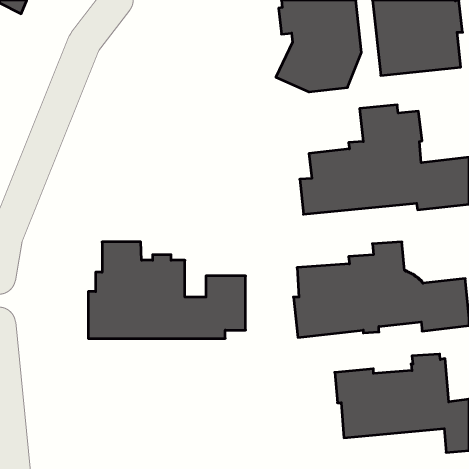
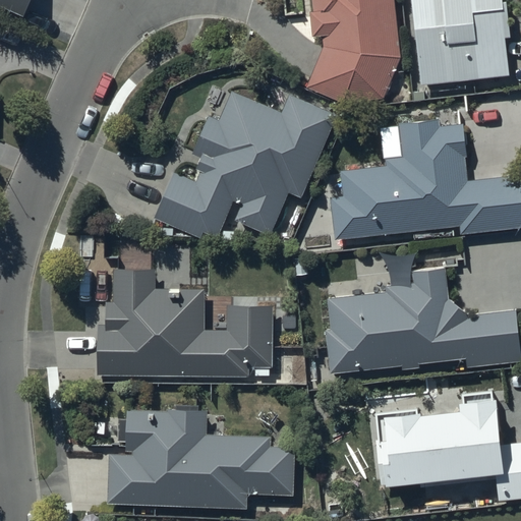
building: none -> [156,93,338,240]
building: none -> [108,410,296,507]

